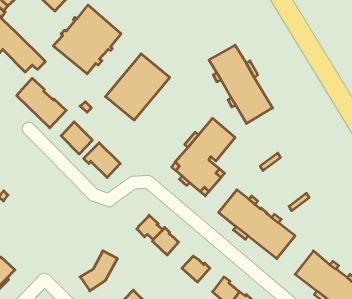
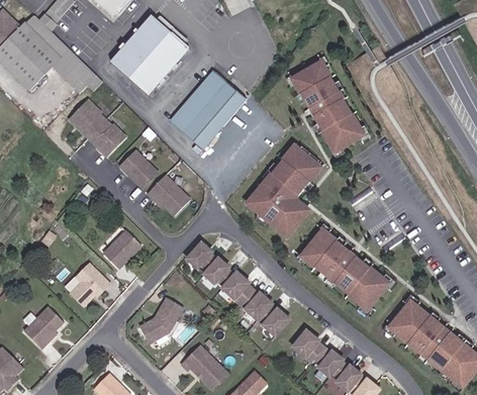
building: none -> [104,230,142,269]
building: none -> [188,242,218,271]
building: none -> [70,263,109,305]
building: none -> [241,289,273,319]

